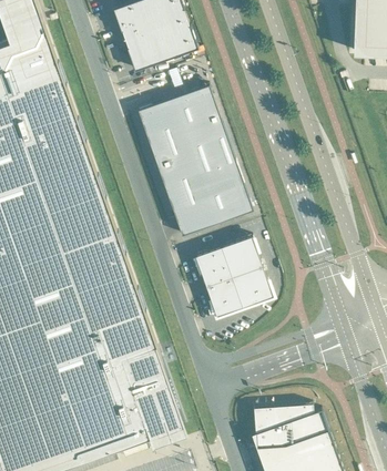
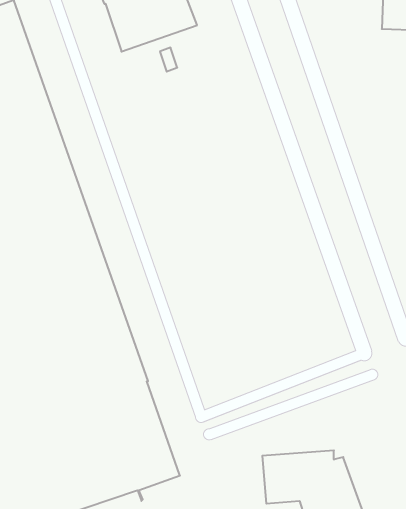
building: [138,86,253,236] -> none
building: [195,237,273,317] -> none

